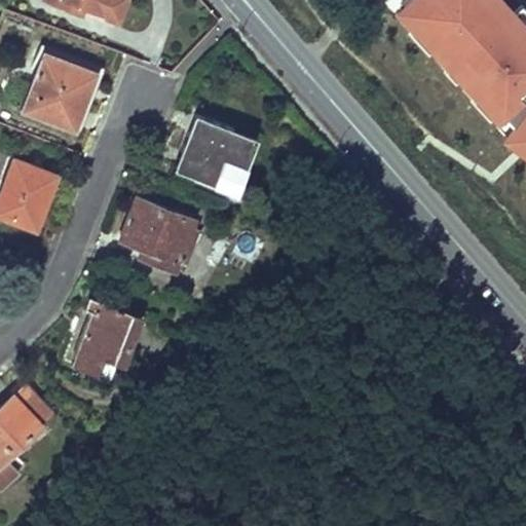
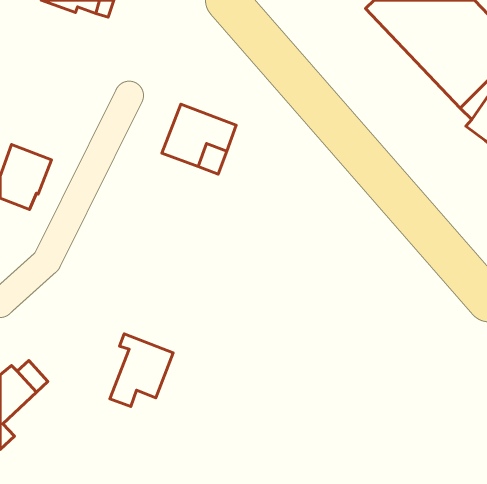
building: [23,53,98,132] -> none
building: [121,199,195,270] -> none
building: [74,297,142,375] -> [110,334,173,406]

